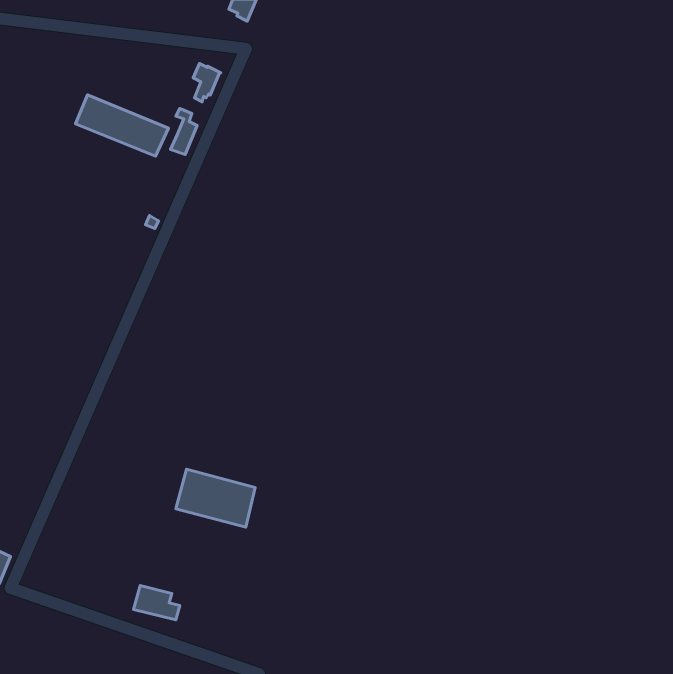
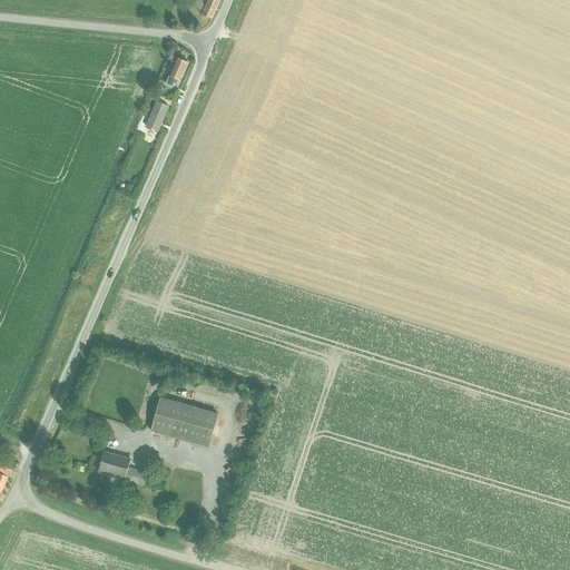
building: [76,95,168,156] -> none
building: [134,586,180,620] -> [96,451,135,480]

